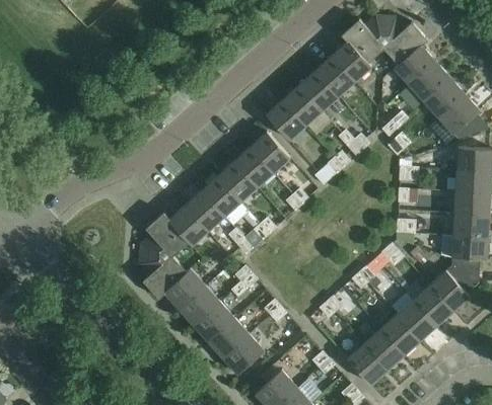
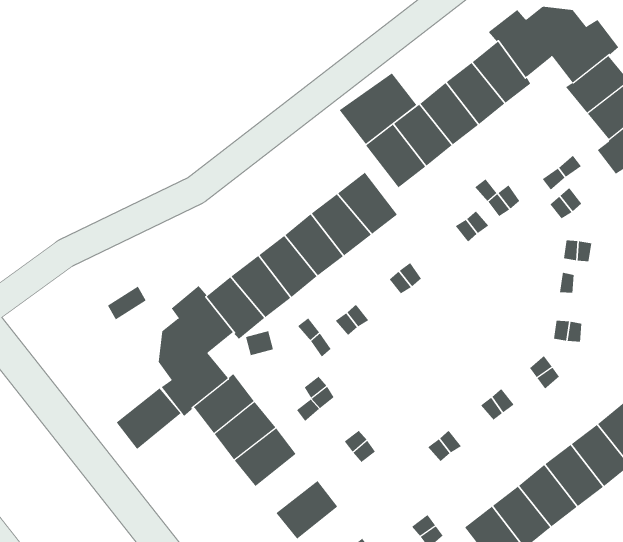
building: none -> [339,73,417,145]
building: none -> [116,387,181,450]
building: [208,318,249,357] -> none

